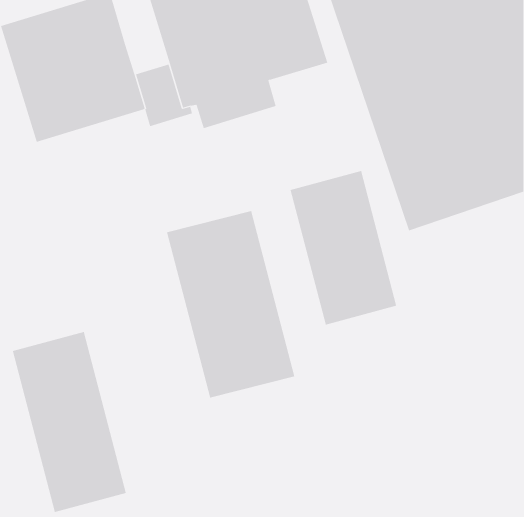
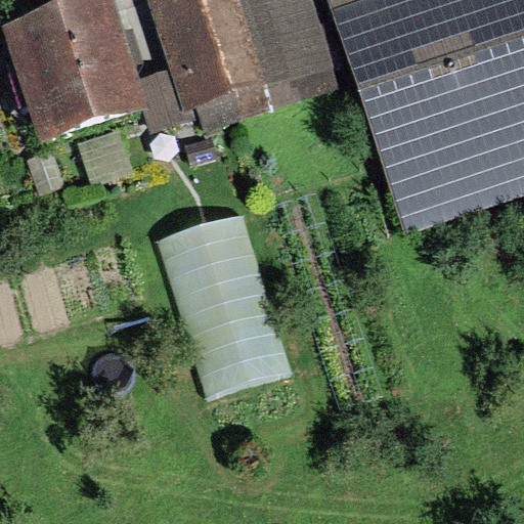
building: [290,170,397,325] -> none
building: [12,331,127,513] -> none

